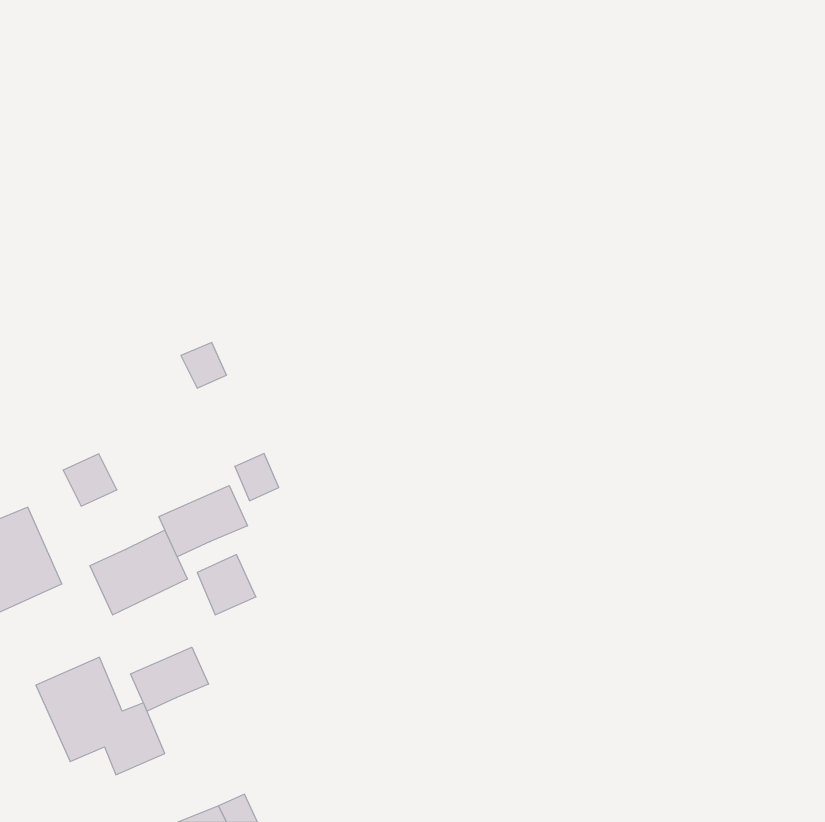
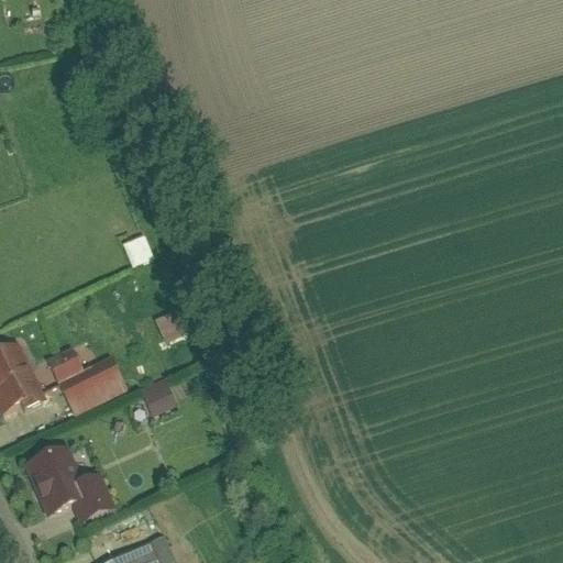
building: [63,454,117,506] -> [48,346,85,382]
building: [159,486,247,557] -> none
building: [130,647,208,711] -> none

